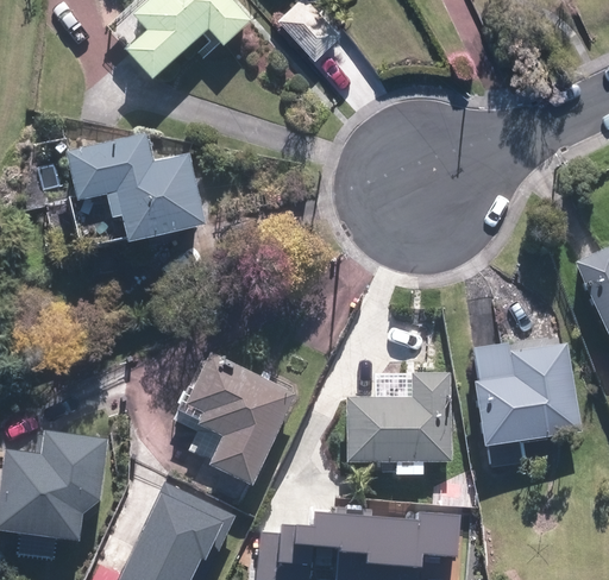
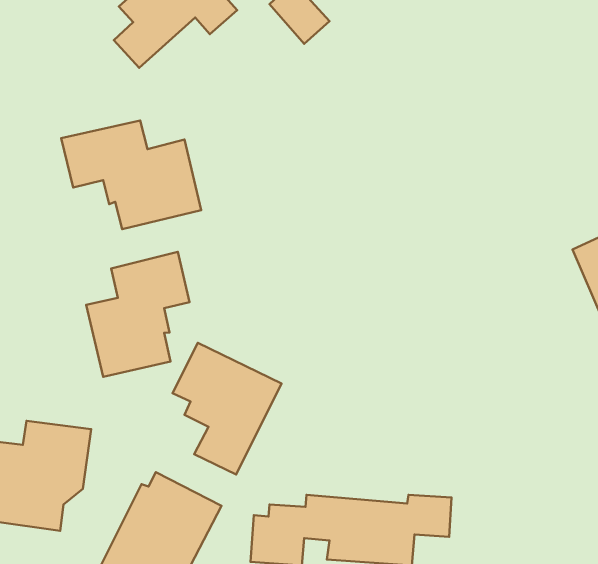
building: none -> [86,252,189,377]
building: [476,340,583,441] -> none
building: [343,374,447,467] -> none

